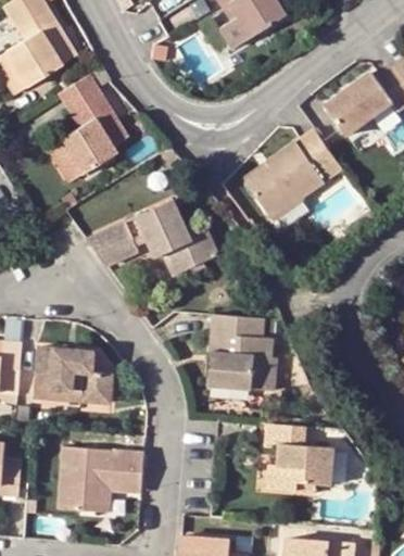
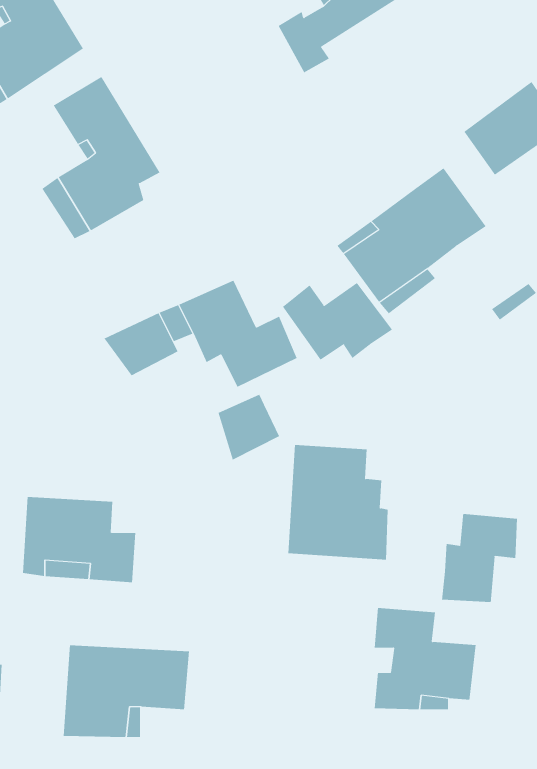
building: none -> [282,282,393,361]
building: none -> [218,394,280,460]
building: none -> [442,513,518,603]

